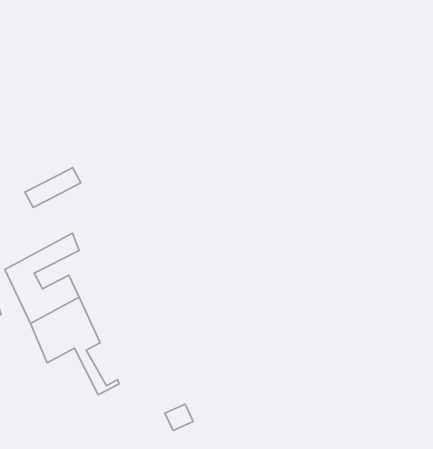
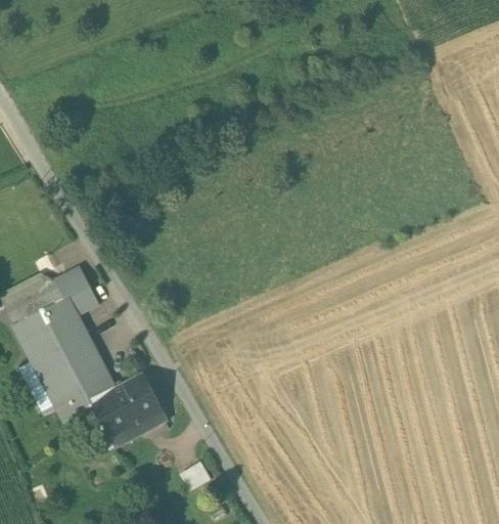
building: [25,167,81,208] -> [41,283,103,329]
building: none -> [99,372,168,437]

